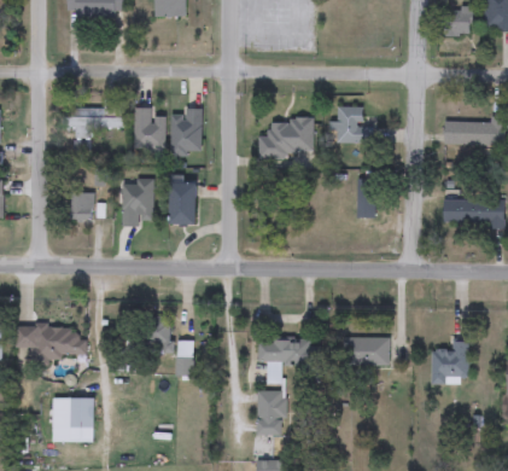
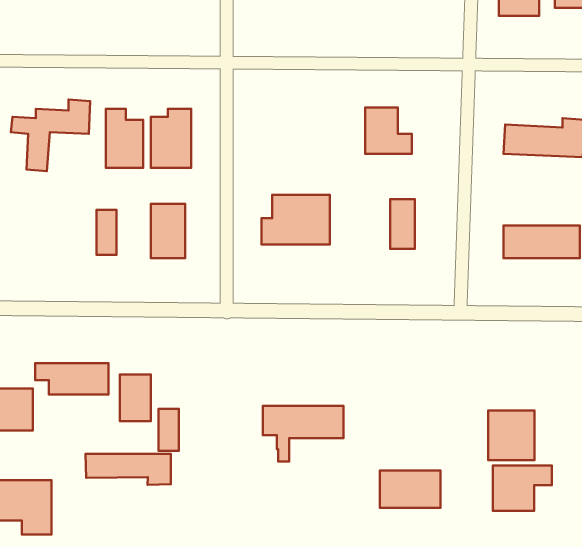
building: [259,120,313,158] -> [261,195,330,245]
building: [70,192,94,220] -> none
building: none -> [35,363,108,395]
building: [341,337,389,366] -> [380,471,441,508]
building: none -> [86,454,171,485]
building: none -> [493,465,552,511]
building: [257,391,285,435] -> none

